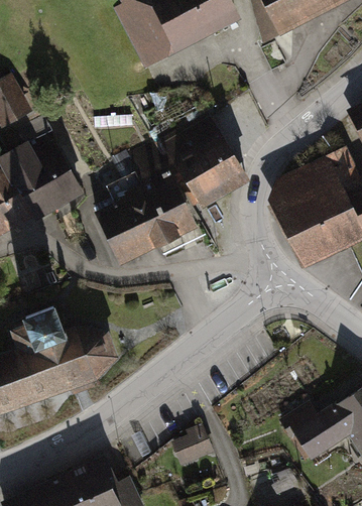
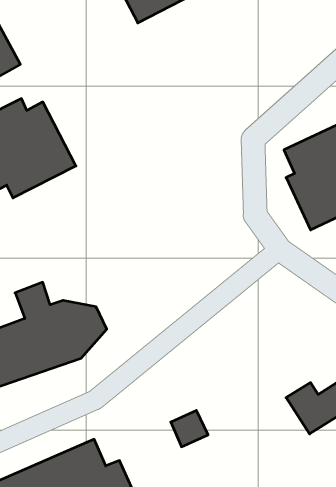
building: [95,114,244,268] -> none

